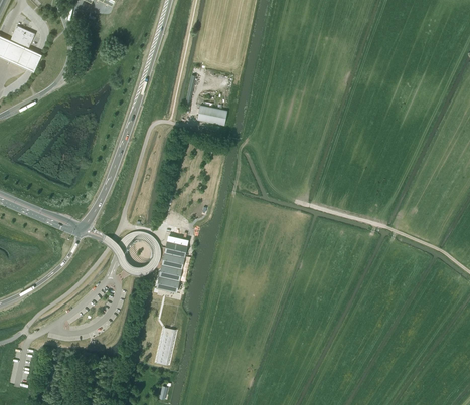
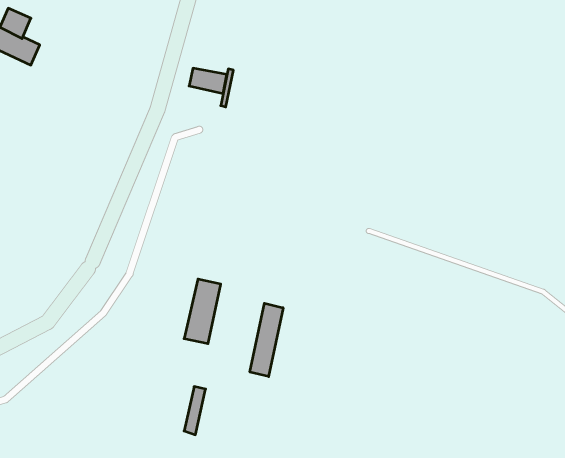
building: [197,106,227,126] -> [189,68,227,94]
building: none -> [250,303,283,377]

